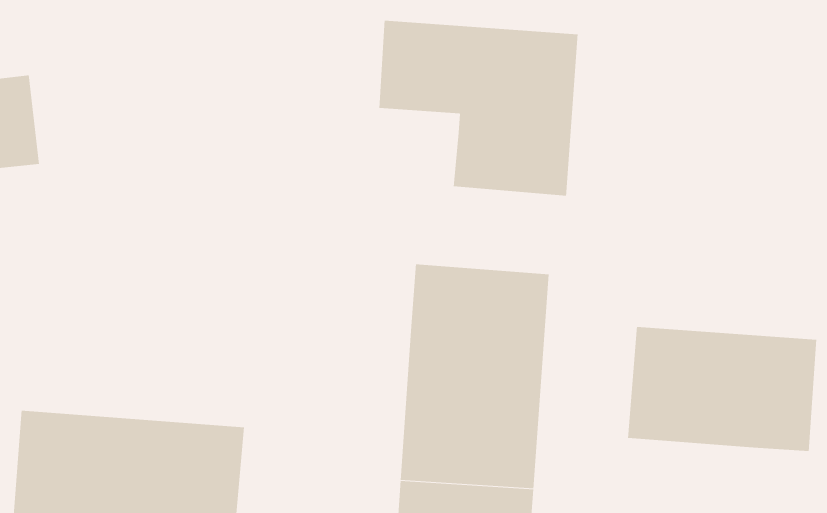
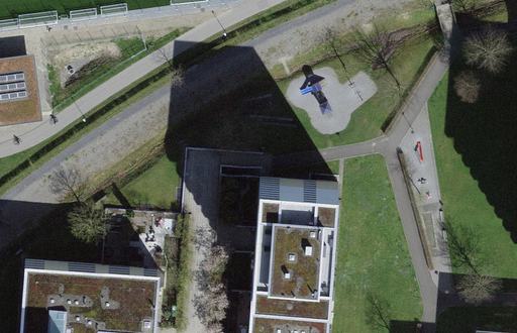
building: [379,20,578,196] -> none
building: [627,326,817,452] -> none

